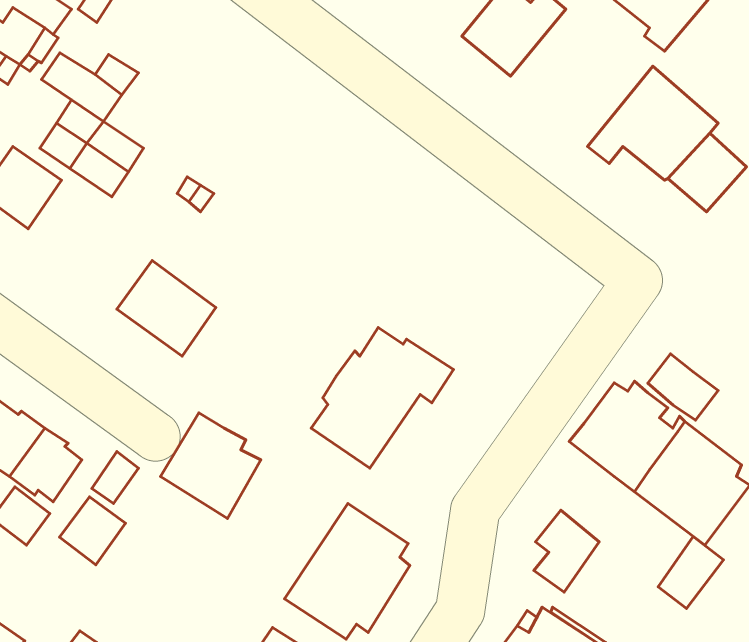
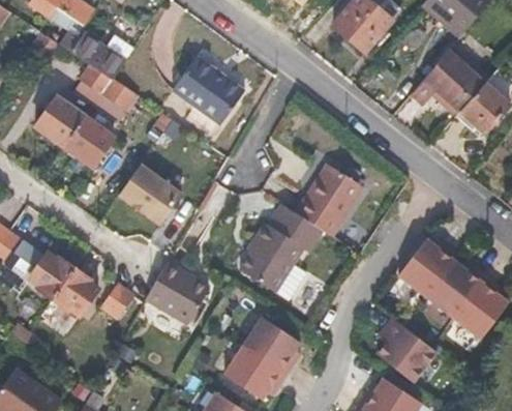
building: none -> [170,55,243,124]
building: none -> [64,115,114,165]
building: none -> [298,159,367,236]
building: [648,354,718,420] -> none
building: [59,497,126,565] -> none
building: [658,537,723,609] -> [395,339,435,383]

